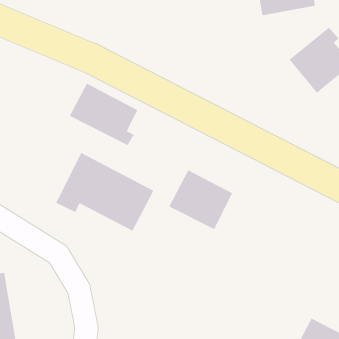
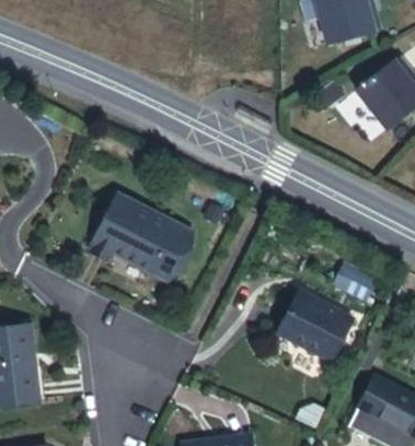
building: [69,83,138,146] -> none
building: [168,169,233,230] -> [283,302,355,369]

